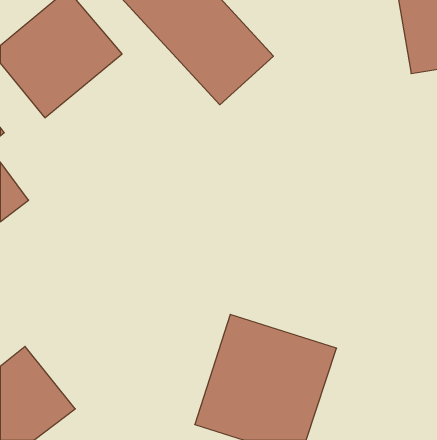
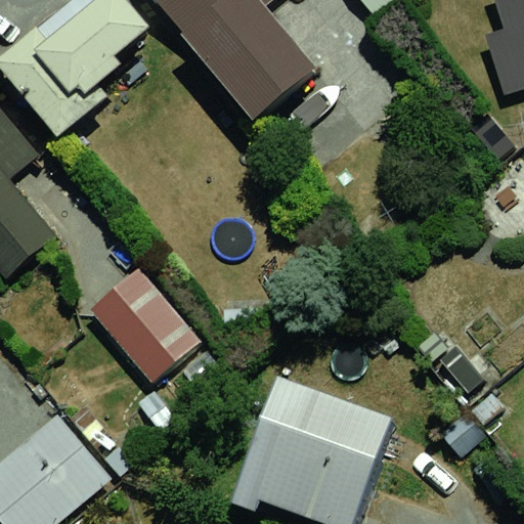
building: none -> [72,261,189,384]

